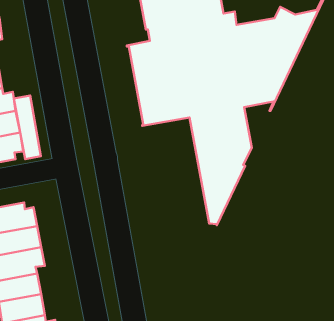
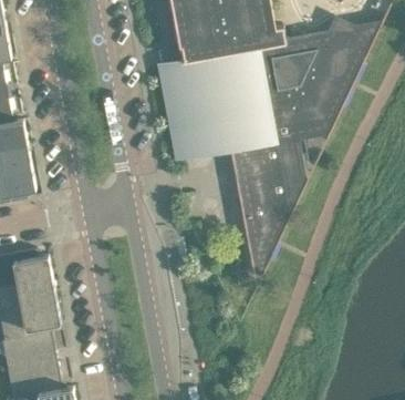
building: [14,96,41,159] -> none

